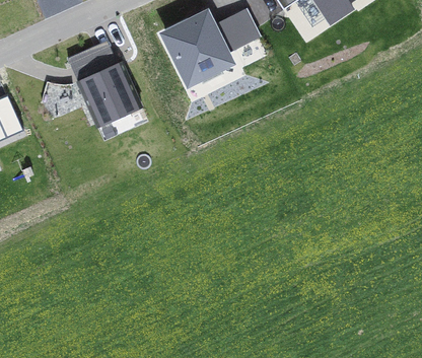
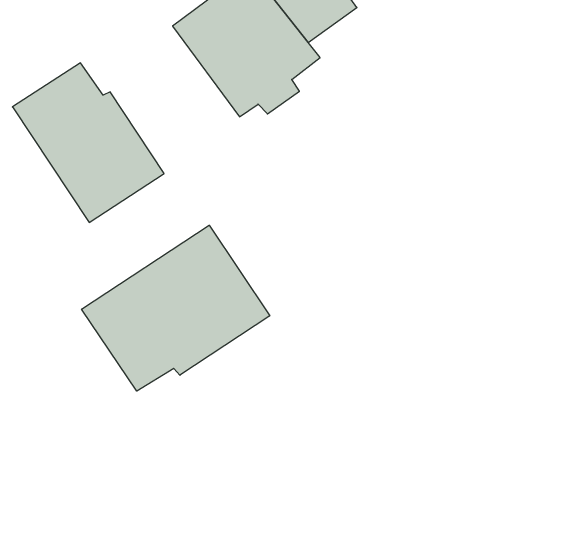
building: none -> [82,225,270,391]

